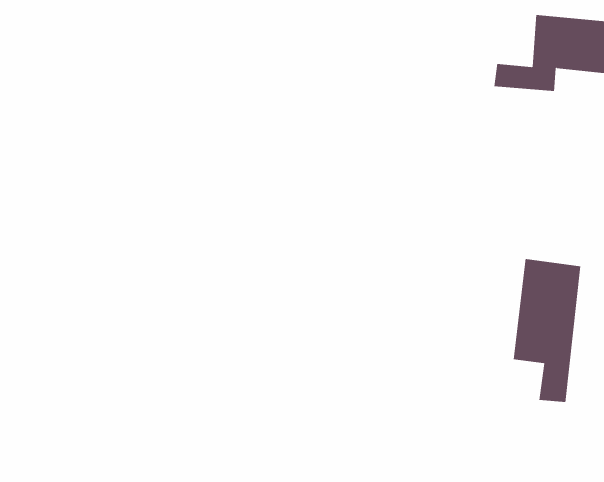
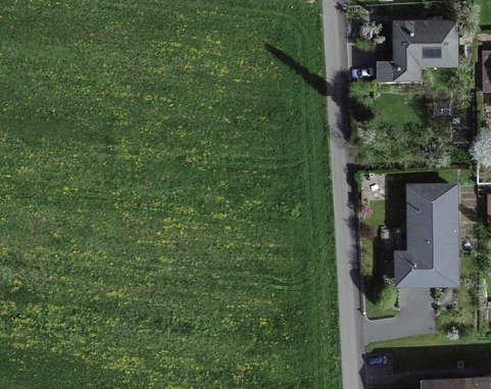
building: none -> [395,255,434,281]

